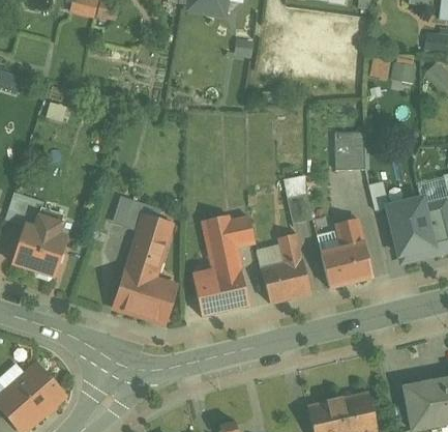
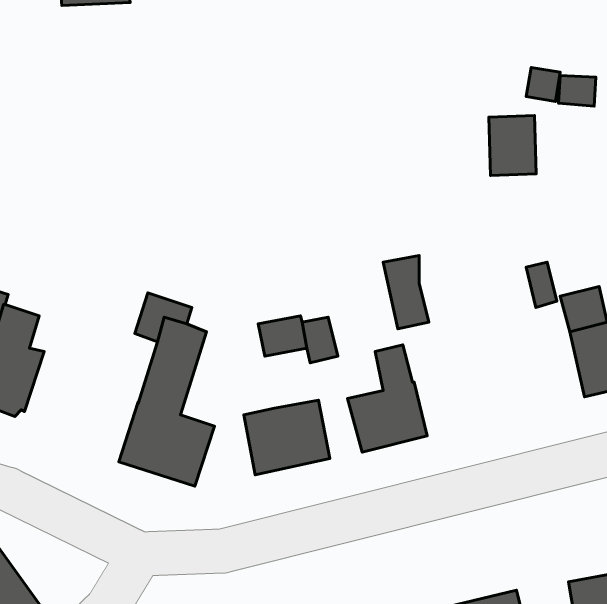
building: [334,132,364,170] -> [489,115,536,176]
building: [320,218,371,287] -> none
building: [207,235,241,273] -> none

